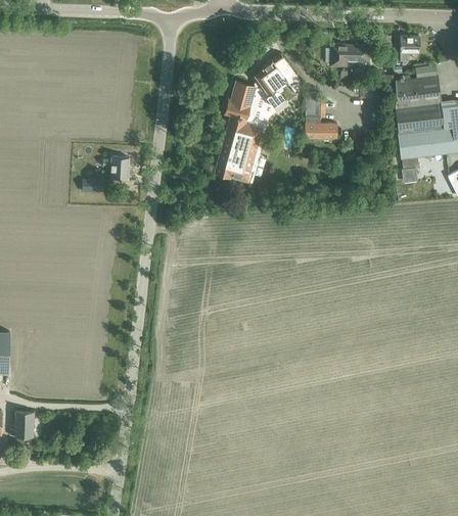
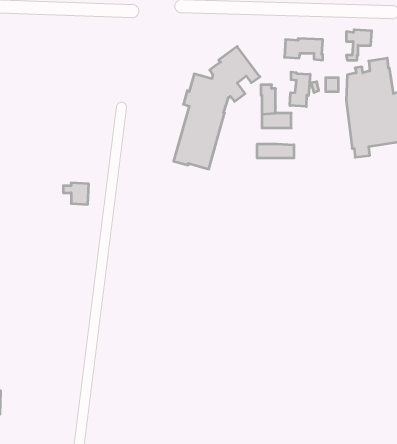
building: none -> [290,72,310,107]
building: none -> [257,144,294,158]
building: [102,157,129,180] -> [63,183,89,204]

